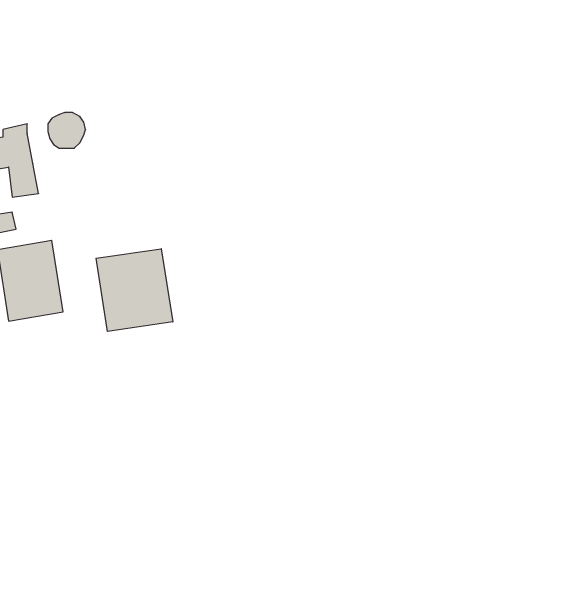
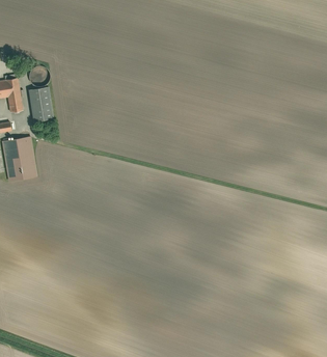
building: none -> [28,85,54,120]
building: [96,249,173,331] -> none

